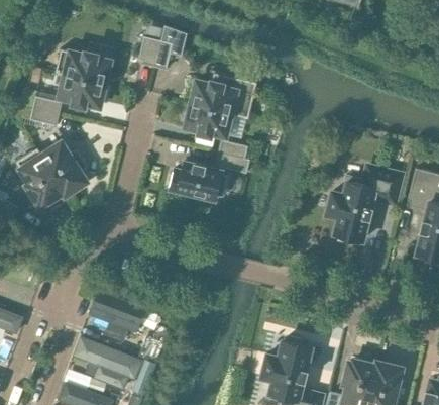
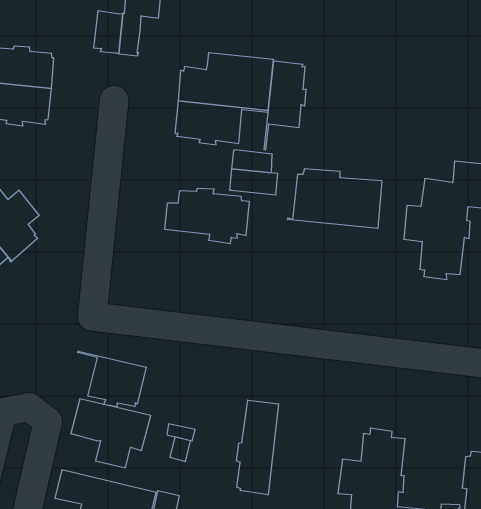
building: none -> [264,61,306,150]
building: none -> [288,169,382,228]
building: none -> [78,351,146,407]
building: none -> [236,400,279,495]

